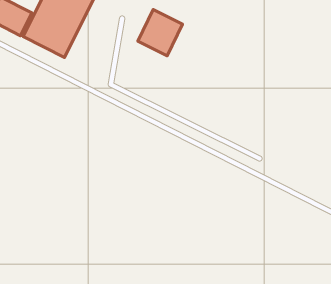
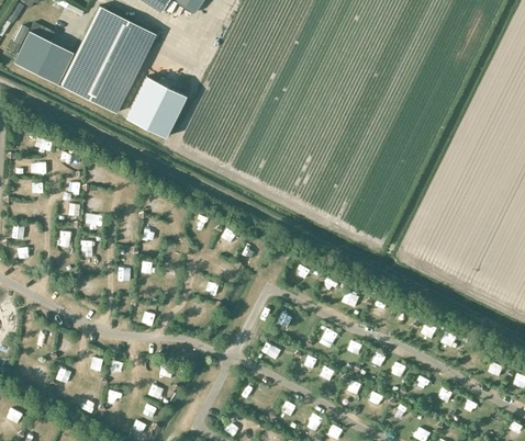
building: [138,9,182,56] -> [126,76,187,138]

